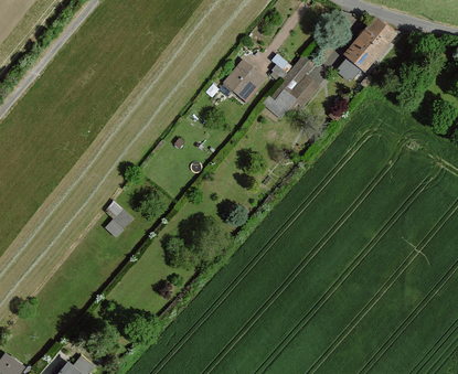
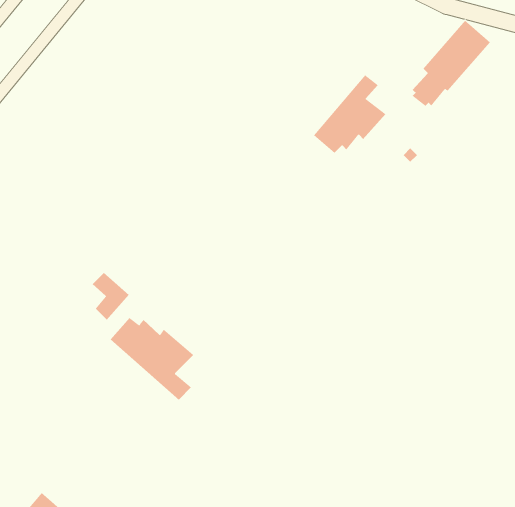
building: [226,64,265,103] -> none
building: none -> [110,317,194,400]

